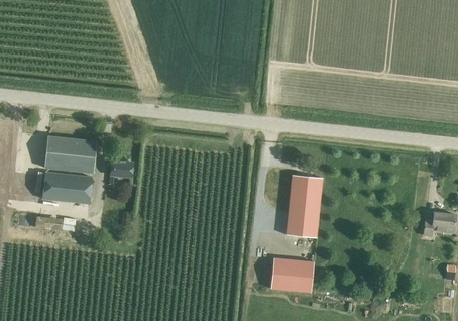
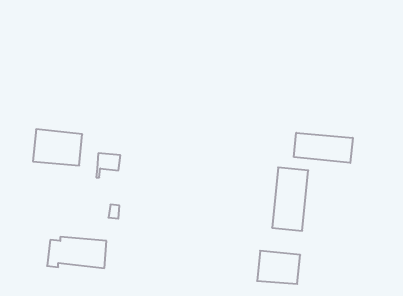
building: none -> [294,133,353,163]
building: [32,173,92,204] -> [47,237,106,268]

